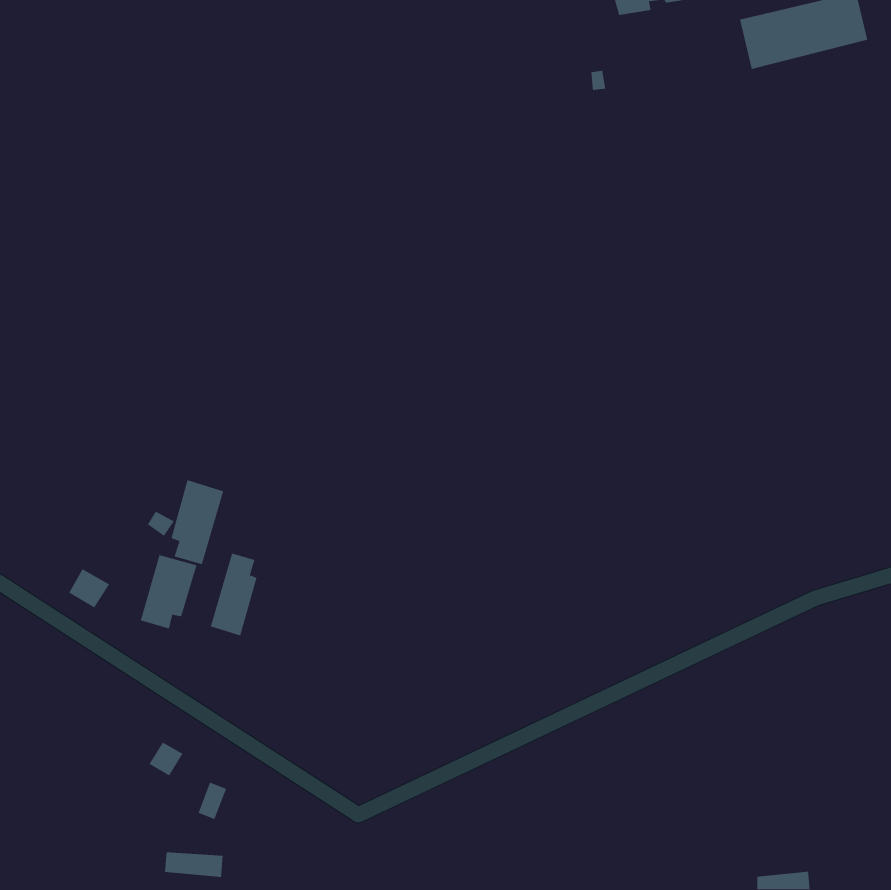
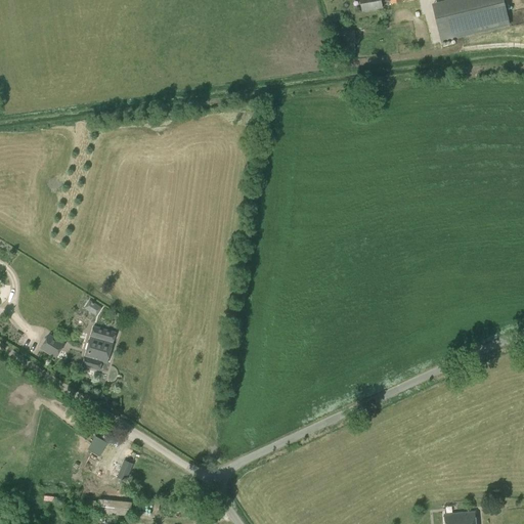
building: [170,479,224,565] -> none
building: [210,552,257,637] -> none

